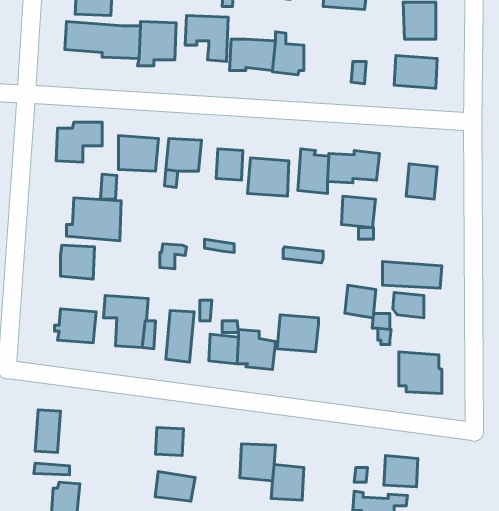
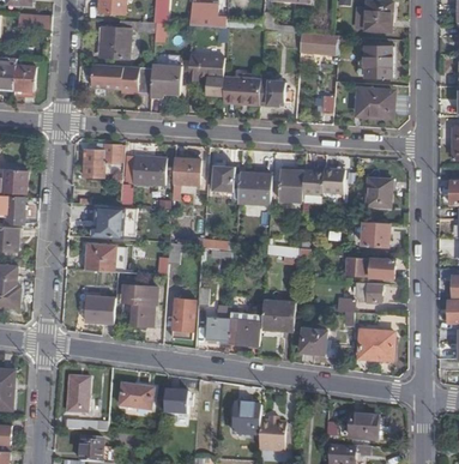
building: [341,196,376,227] -> [362,221,389,246]
building: [345,285,376,318] -> [301,327,326,354]
building: [155,471,195,501] -> [119,385,151,409]

